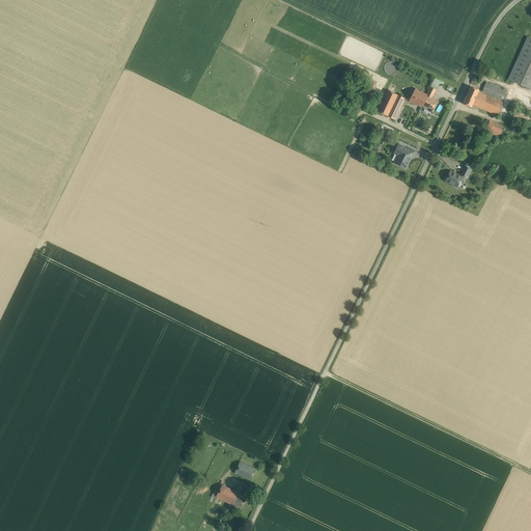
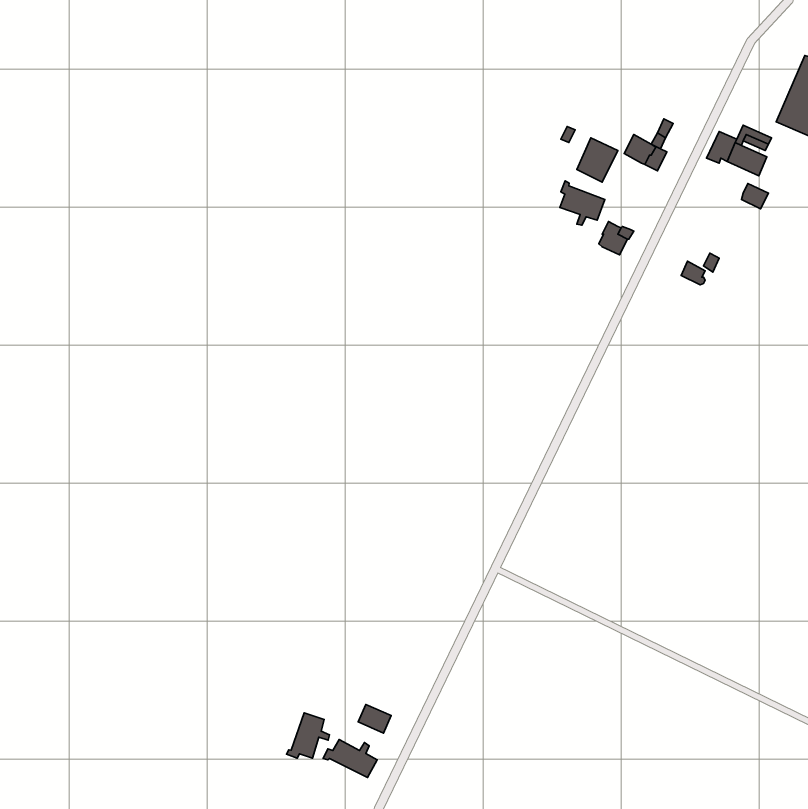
building: none -> [560,181,605,225]
building: none -> [286,713,329,758]

